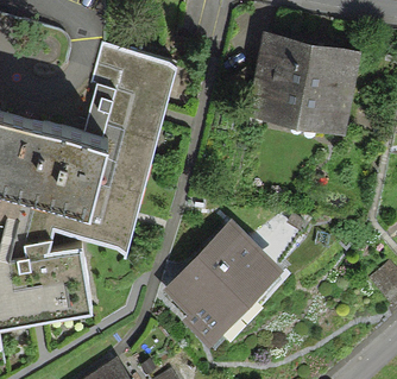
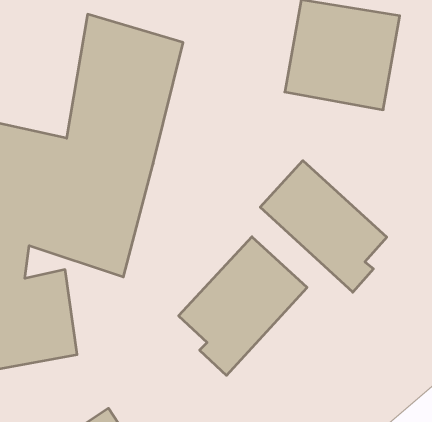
building: none -> [260,161,387,292]

